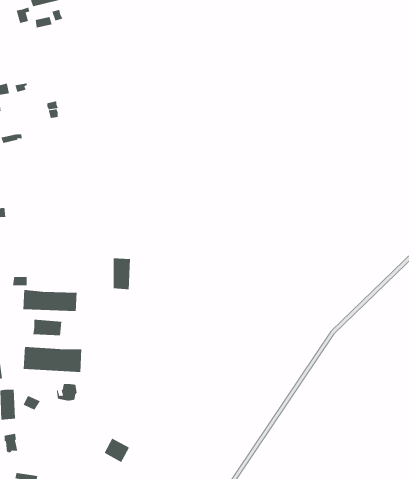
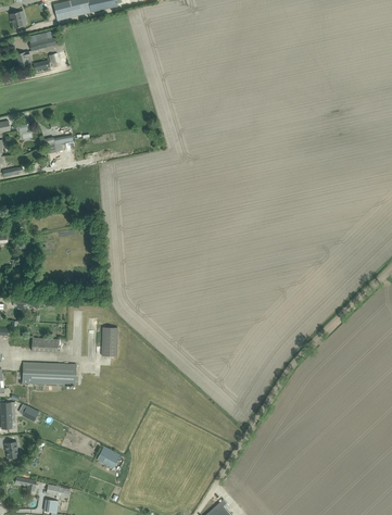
building: [113,258,131,290] -> [101,327,117,356]
building: [23,289,77,312] -> none

